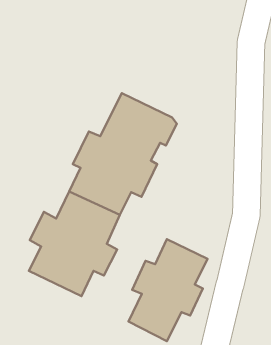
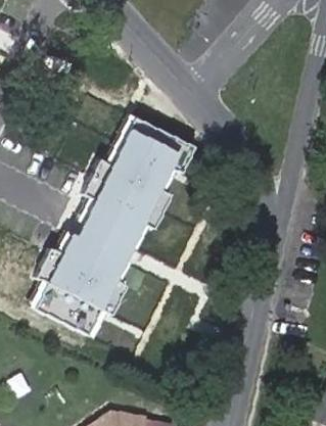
building: [129,239,207,341] -> none

